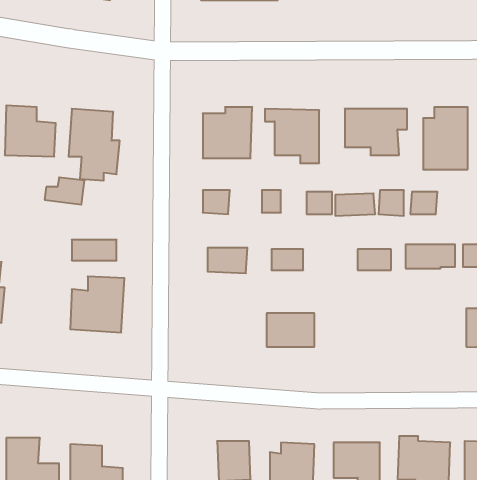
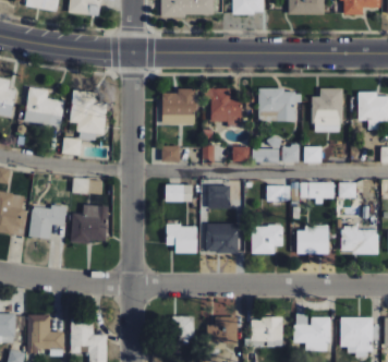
building: none -> [29,206,65,239]
building: none -> [166,226,196,254]
building: none -> [251,226,282,254]
building: none -> [296,227,328,254]

